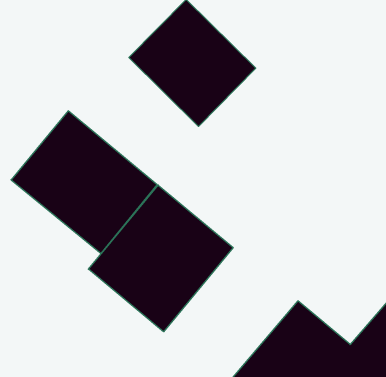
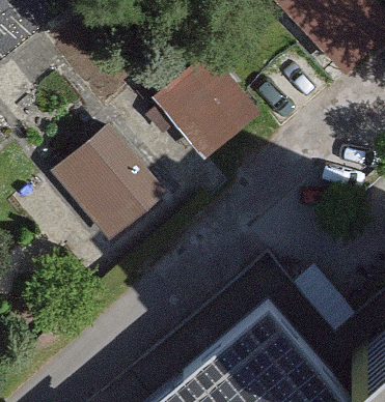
building: [88,185,233,332] -> none

